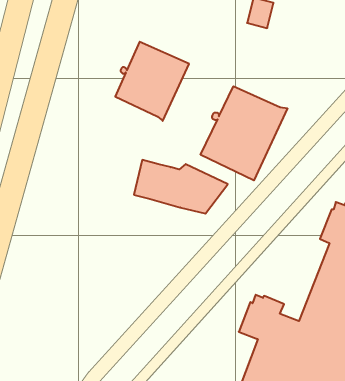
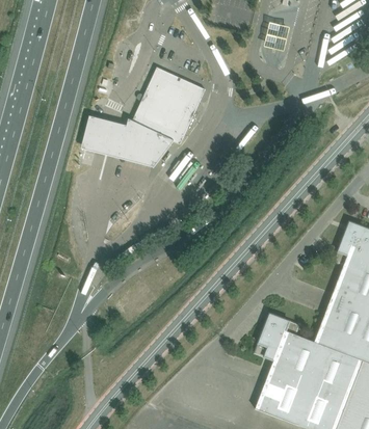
building: [201,86,287,180] -> none
building: [134,160,228,214] -> [82,117,175,170]

